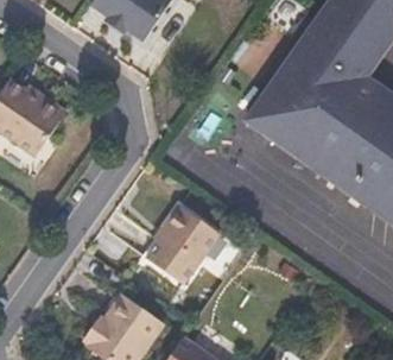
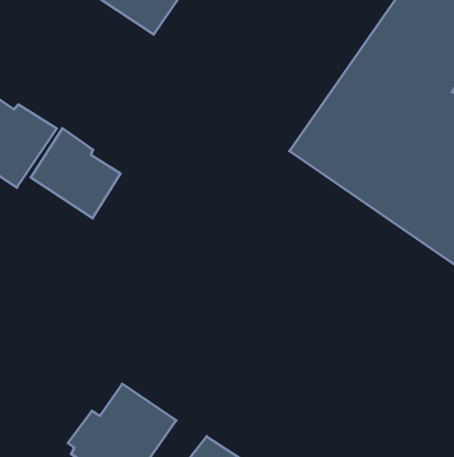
building: none -> [31,128,120,218]
building: [145,203,218,286] -> none

